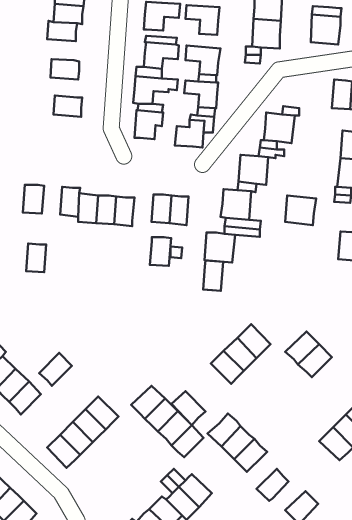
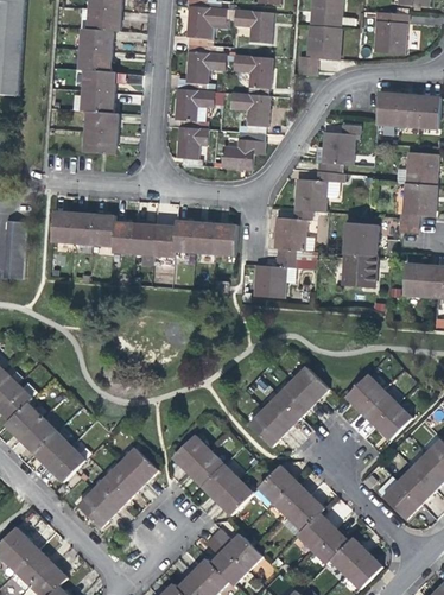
building: none -> [78,49,112,72]
building: none -> [81,91,114,114]
building: none -> [378,93,400,126]
building: none -> [84,133,118,154]
building: none -> [343,253,376,287]
building: [150,237,171,266] -> [175,221,198,253]
building: [26,243,46,272] -> [74,213,96,245]
building: [203,260,223,291] -> none
building: [39,353,72,386] -> [50,445,87,482]
building: none -> [375,404,413,442]
building: [172,391,206,425] -> [247,411,285,449]
building: none -> [299,514,336,551]
building: none -> [331,539,368,575]

